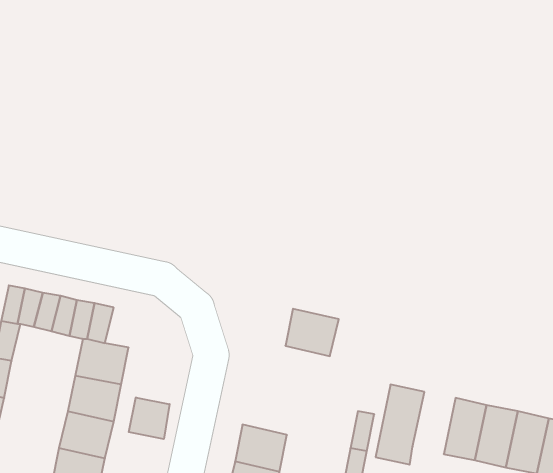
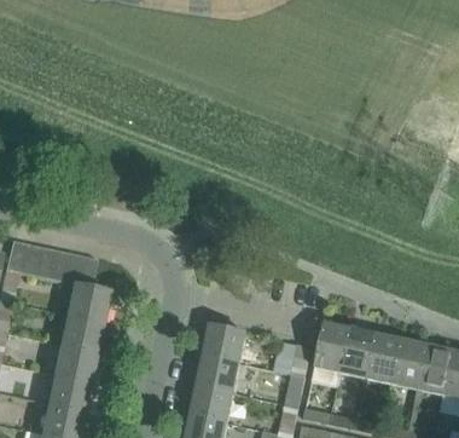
building: [285,309,339,356] -> [202,323,245,362]
building: none -> [341,327,376,378]
building: [129,397,170,439] -> none

